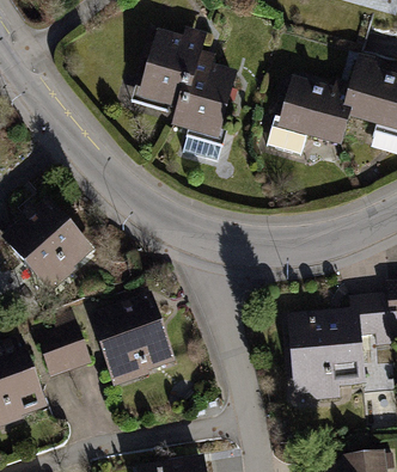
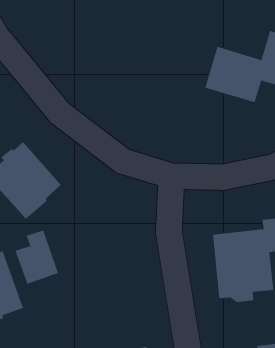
building: [139,27,238,141] -> none
building: [87,294,175,387] -> none

